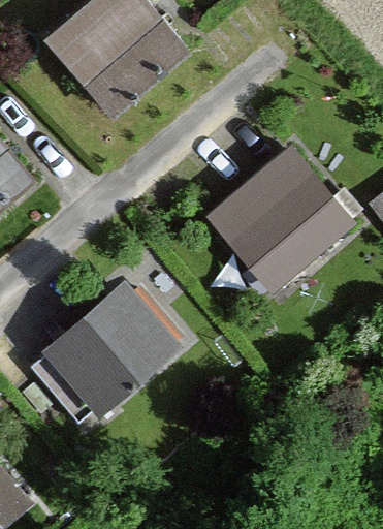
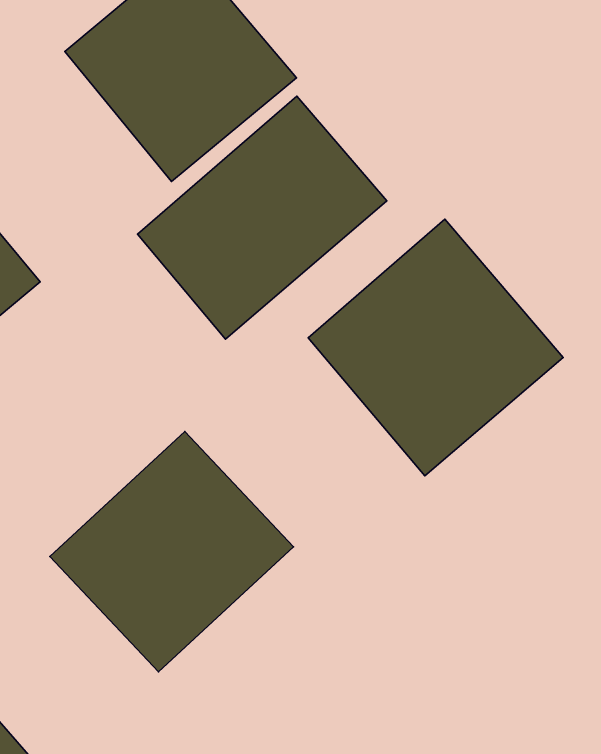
building: none -> [137,96,387,339]

